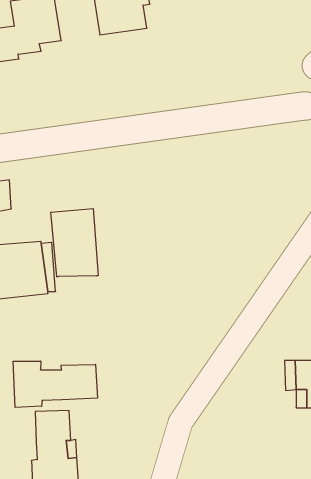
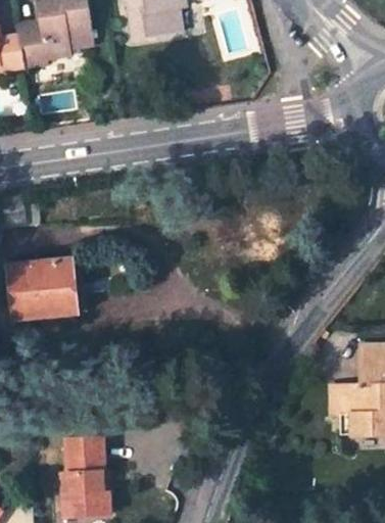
building: [51,209,98,277] -> none
building: [13,361,97,407] -> none

